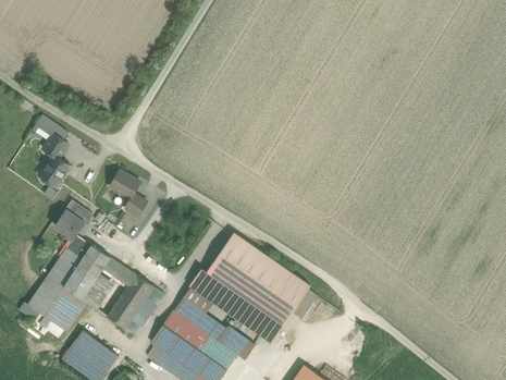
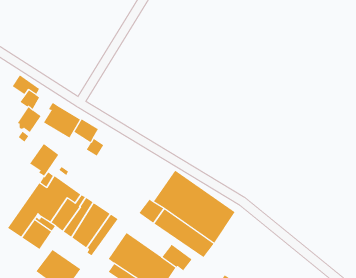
building: none -> [43,102,81,139]
building: [174,296,227,341] -> none

